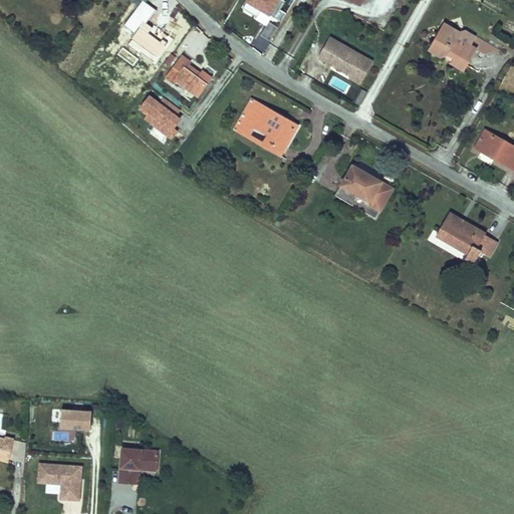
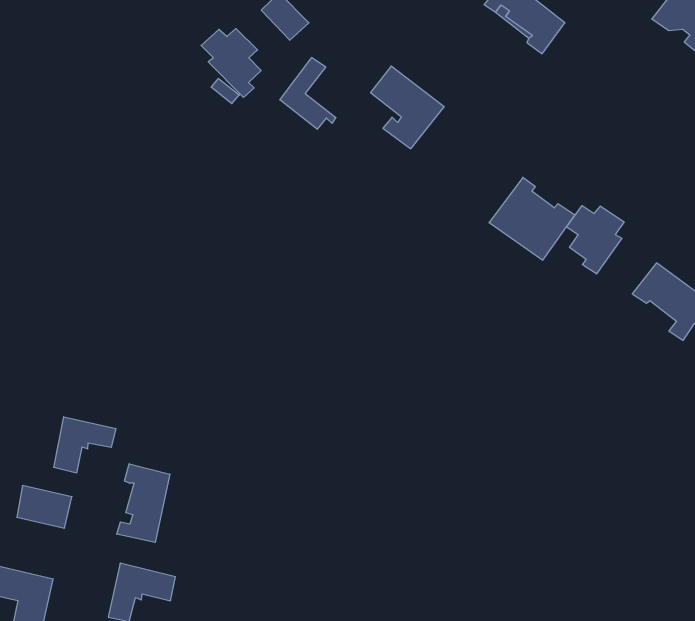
building: [234,98,272,145] -> [280,58,336,129]
building: none -> [566,206,624,274]
building: none -> [54,417,116,473]
building: none -> [117,464,170,542]

